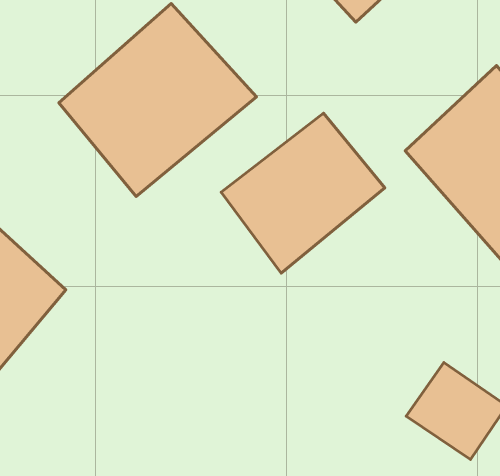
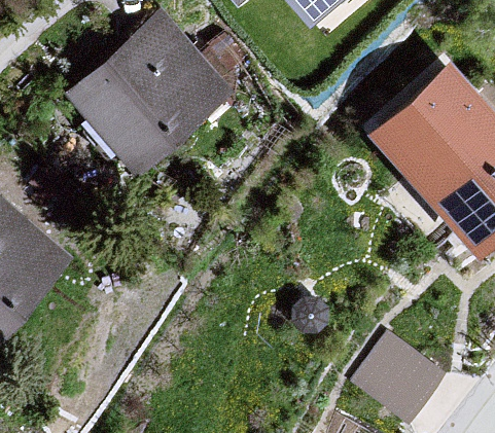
building: [221,113,385,273] -> none

